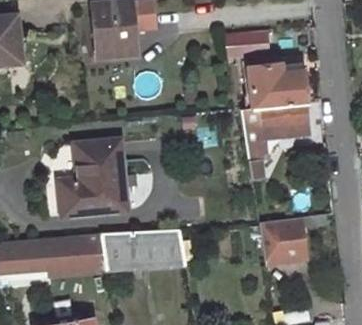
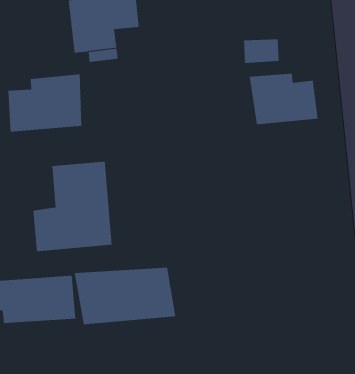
building: none -> [8,73,82,133]
building: [239,103,309,179] -> none
building: [258,218,306,263] -> none

